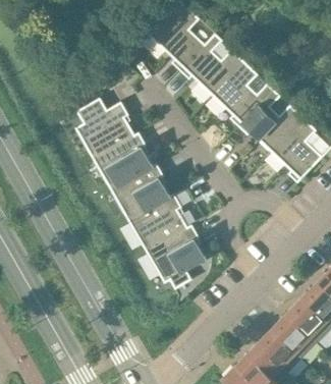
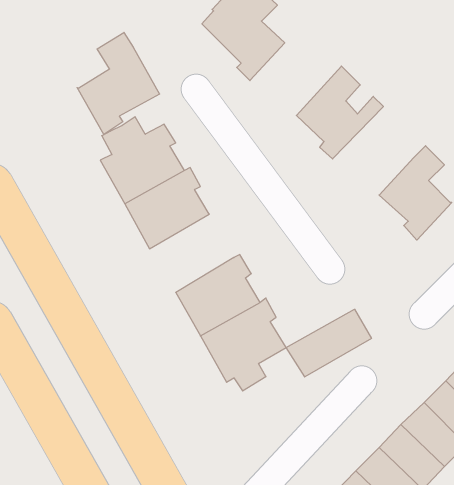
building: [180,35,244,97] -> none
building: none -> [77,32,160,135]
building: [238,91,304,153] -> none
building: [110,164,169,221] -> none
building: none -> [286,309,371,377]

